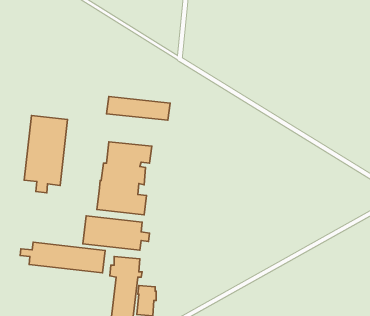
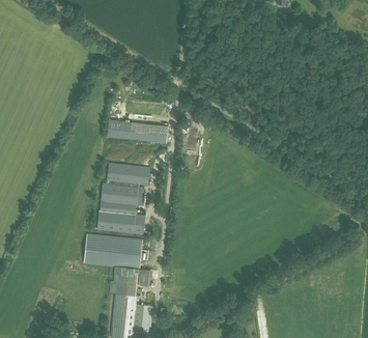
building: [24,116,68,193] -> none
building: [20,242,105,273] -> none

